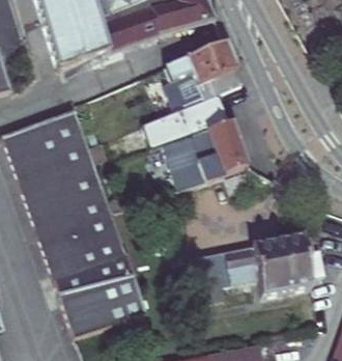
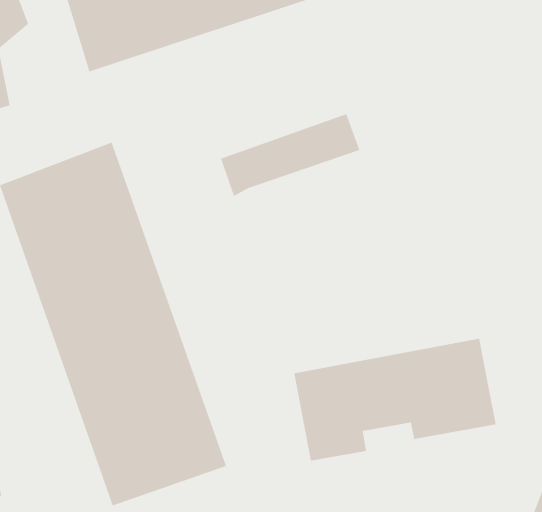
building: [158,38,244,93] -> none
building: [159,116,246,192] -> none

